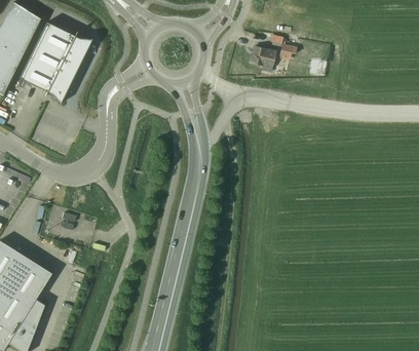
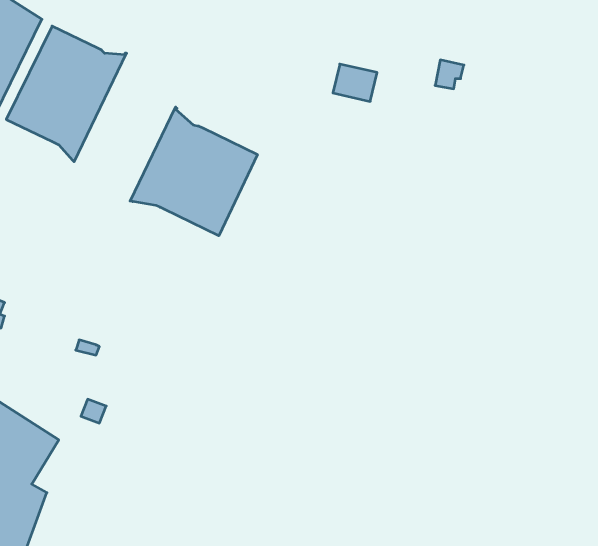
building: [250,45,276,68] -> [333,64,377,101]
building: none -> [130,107,257,236]

